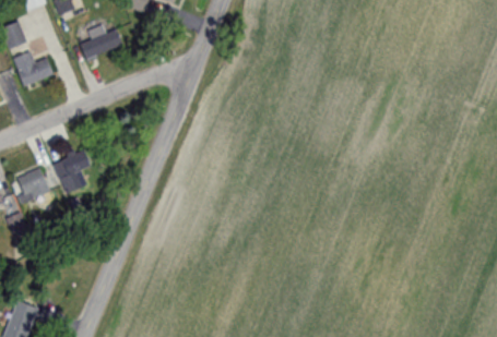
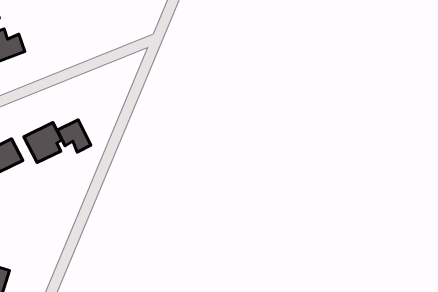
building: [81,25,122,58] -> none
building: none -> [57,120,91,152]

